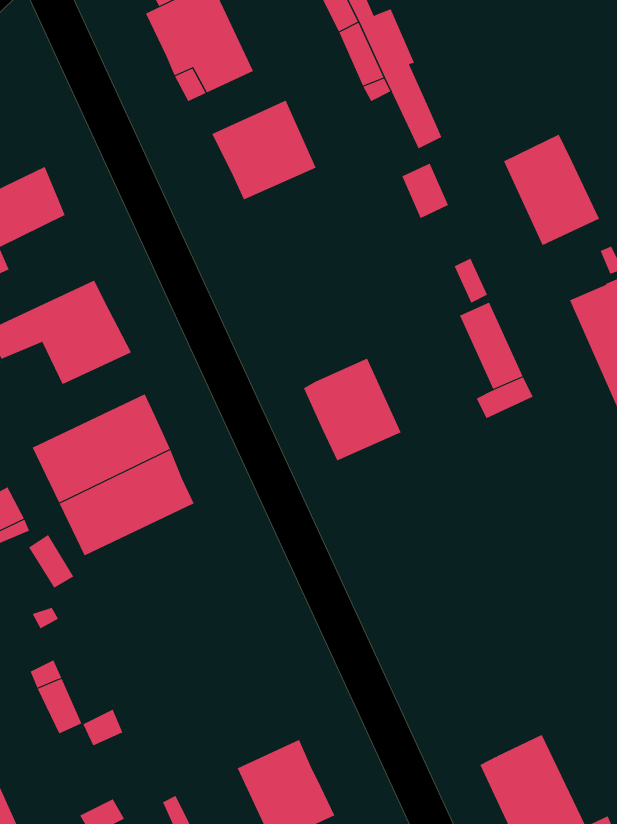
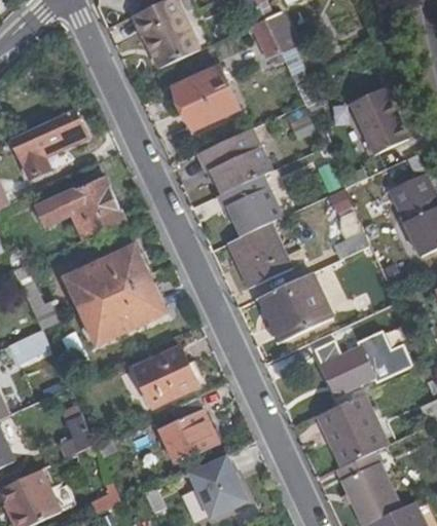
building: none -> [196,129,276,237]
building: none -> [260,274,330,341]
building: none -> [315,335,410,394]
building: none -> [134,346,197,405]
building: none -> [320,391,392,464]
building: none -> [158,397,218,464]

